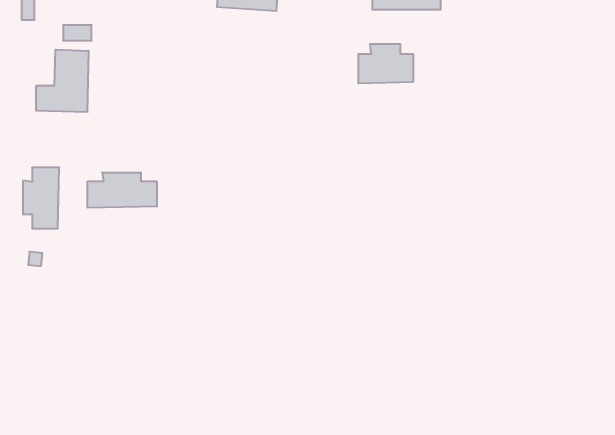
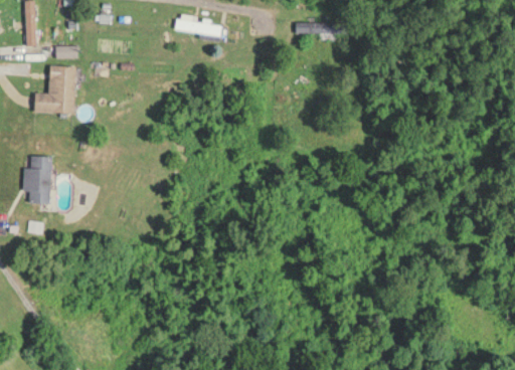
building: [358,44,413,84] -> none
building: [88,172,157,208] -> none

